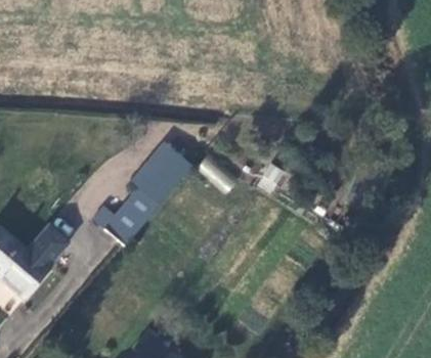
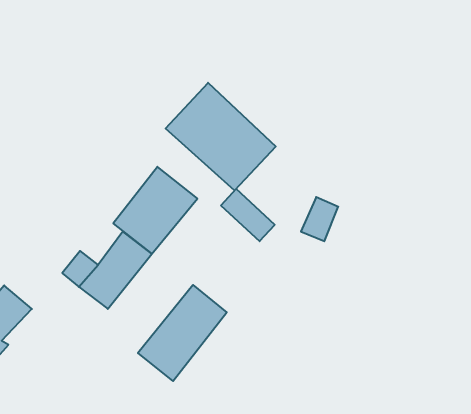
building: none -> [166,83,276,190]
building: none -> [138,285,227,381]

